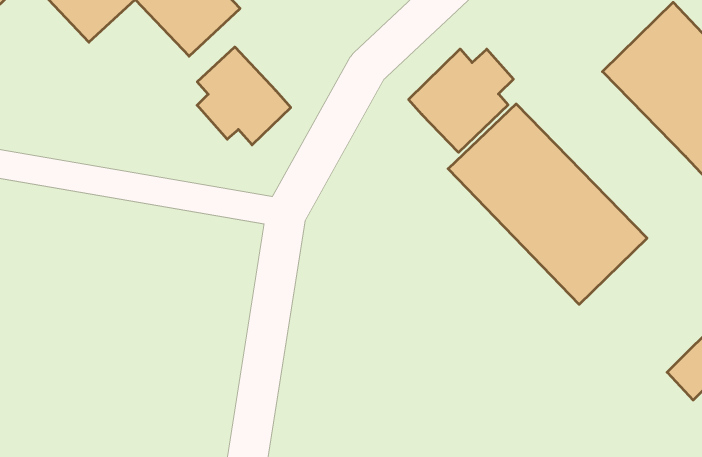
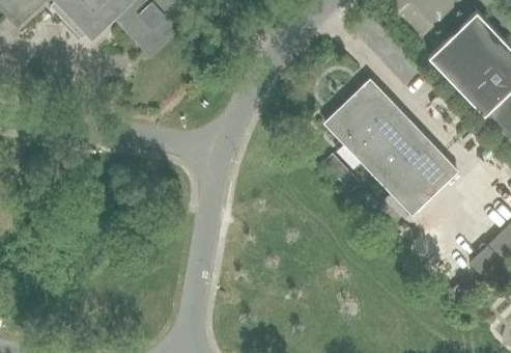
building: [197,47,291,145] -> none
building: [409,49,513,152] -> none

